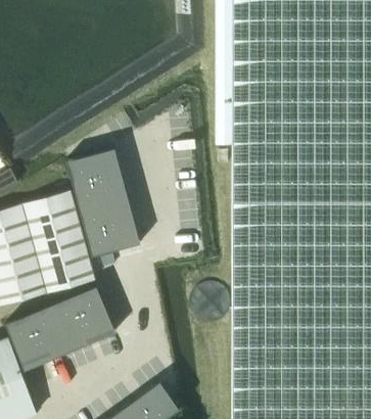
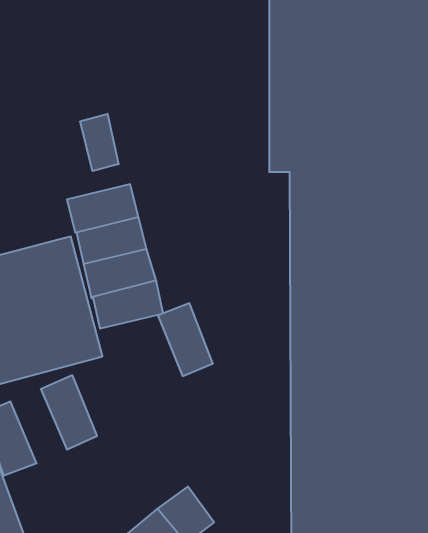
building: none -> [80,114,119,171]
building: [71,286,111,340] -> [158,303,213,376]
building: [25,306,66,361] -> none

